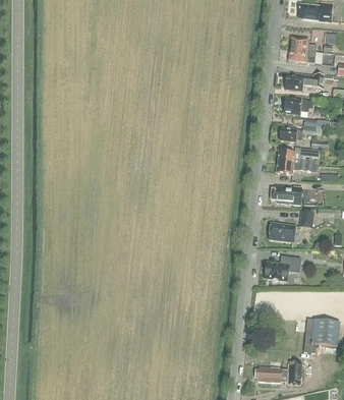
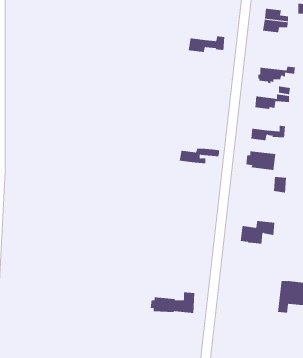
building: [285,73,324,91] -> [188,36,225,53]
building: [277,148,320,164] -> [179,148,220,164]
building: [269,222,295,241] -> none
building: [254,360,301,383] -> [150,292,195,314]

